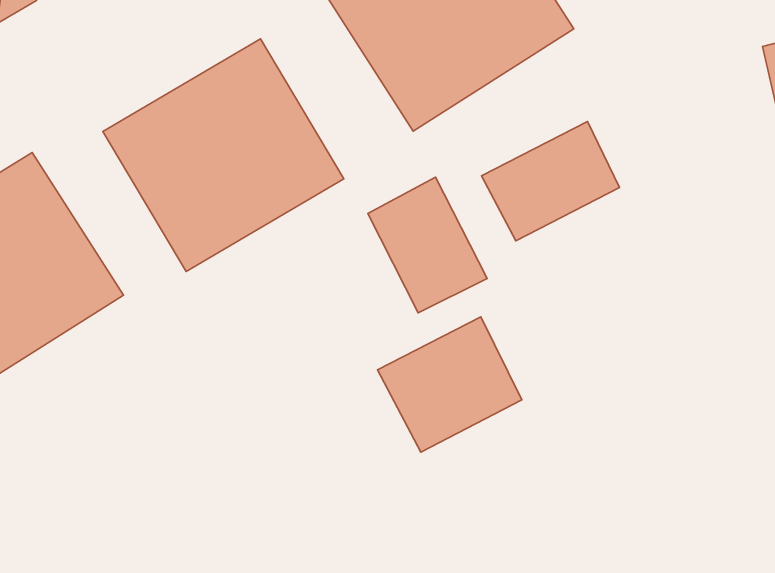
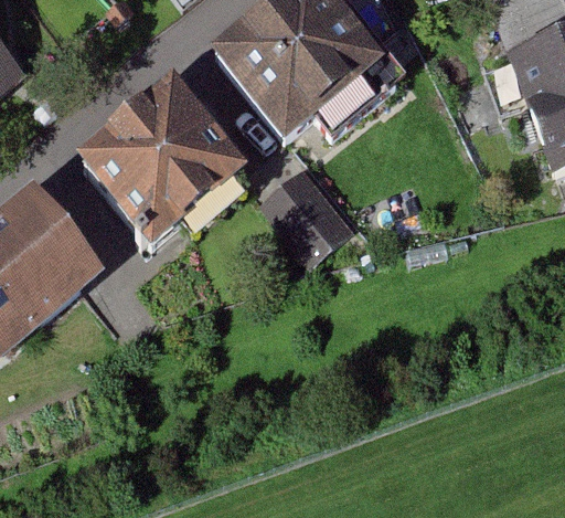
building: [481,121,620,241] -> none
building: [377,317,522,452] -> none

